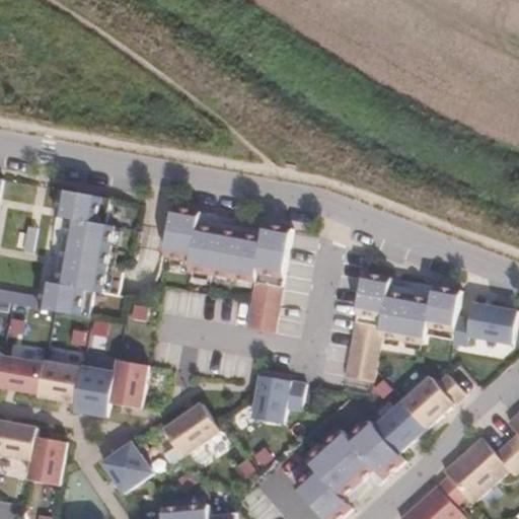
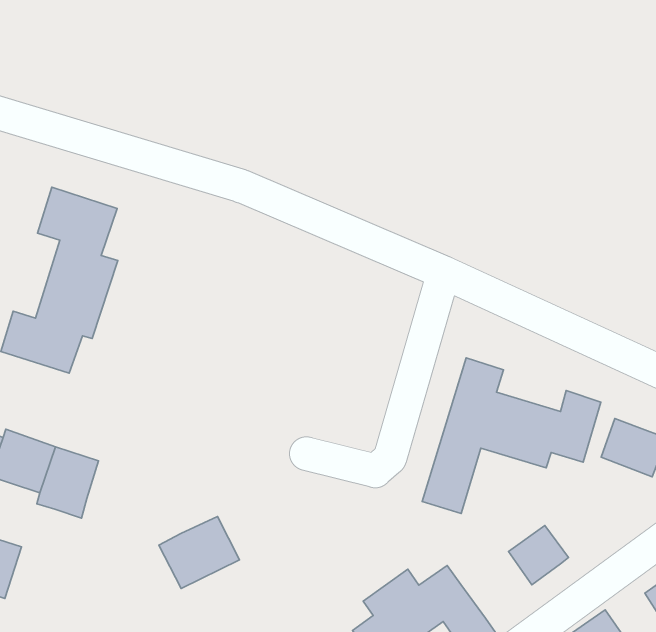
building: [166,208,294,331] -> none
building: [107,357,150,409] -> none
building: [251,373,306,418] -> none
building: [377,402,427,451] -> none
building: [100,443,148,491] -> none

